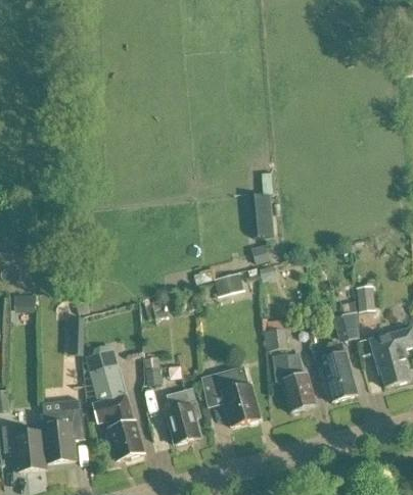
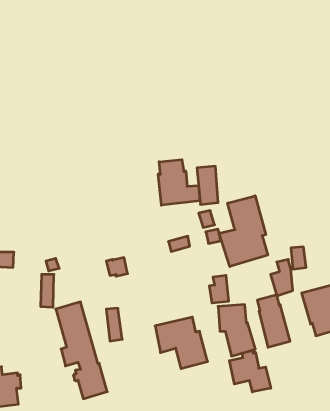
building: none -> [158,160,200,205]
building: none -> [219,196,268,267]
building: [165,388,202,444] -> none
building: [41,399,84,466] -> none
building: none -> [229,350,271,392]

